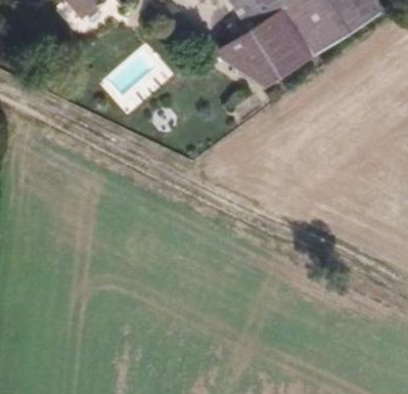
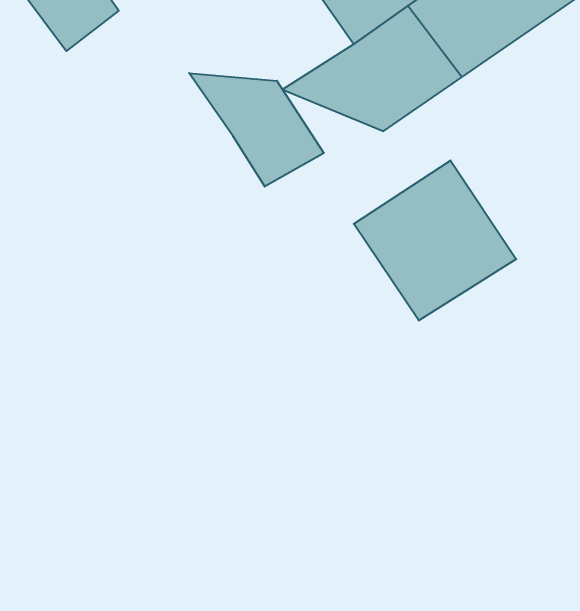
building: none -> [189,73,324,187]
building: none -> [354,160,516,321]

